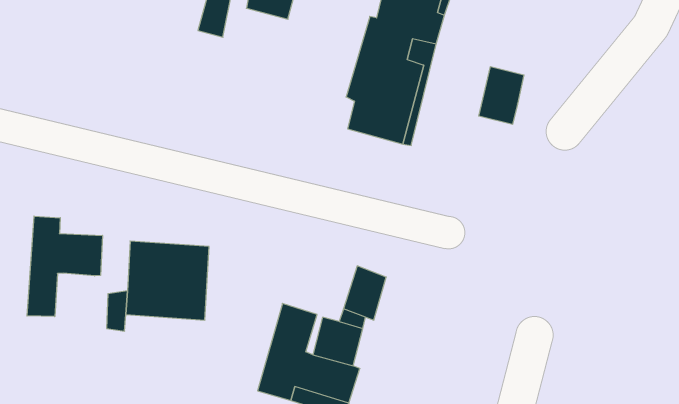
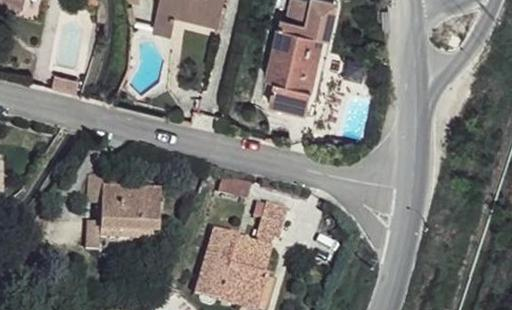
building: [479,67,524,124] -> none
building: [27,216,102,317] -> none

